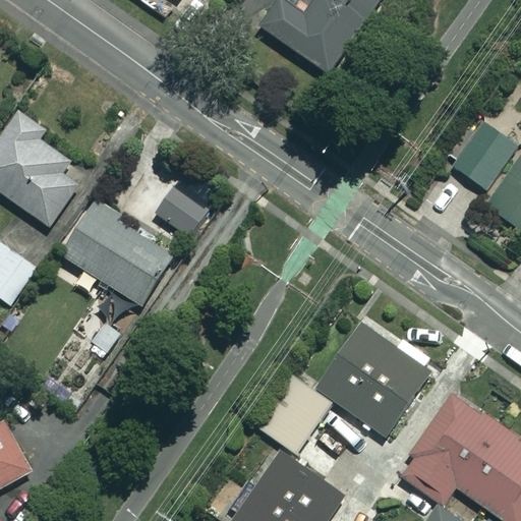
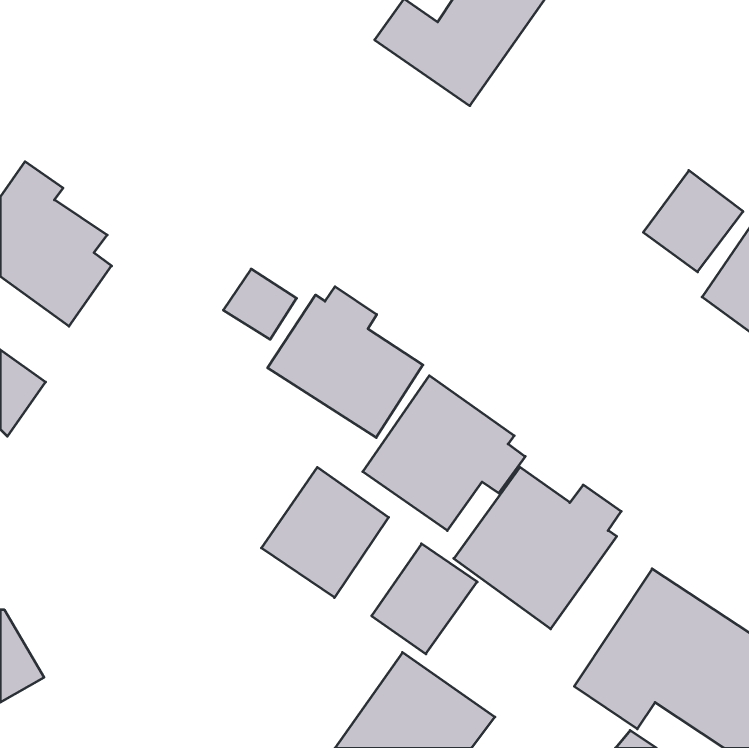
building: [61,198,171,305] -> none
building: none -> [268,287,423,438]
building: none -> [363,376,525,531]
building: none -> [261,467,389,598]

